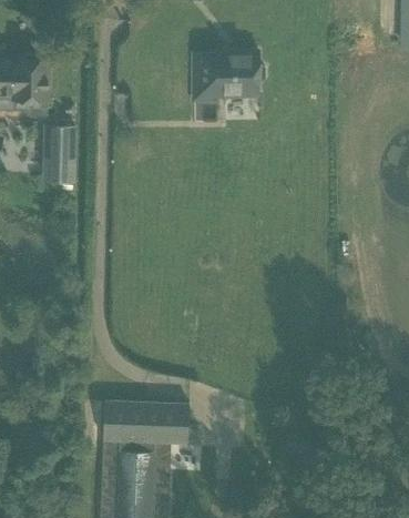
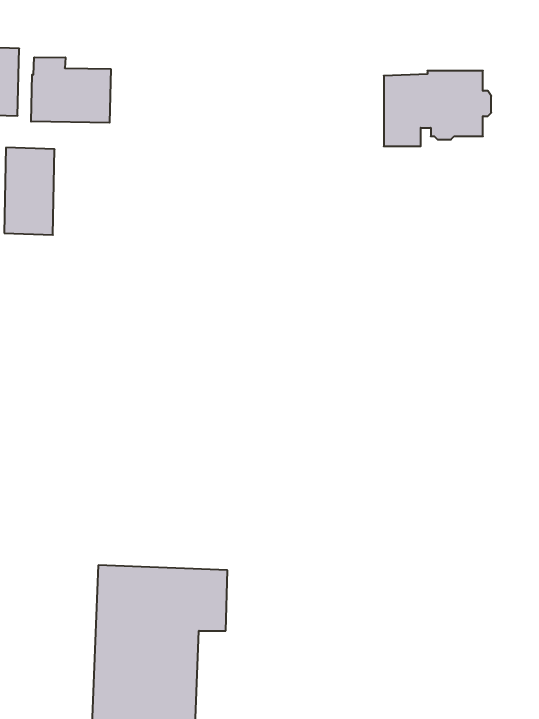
building: [193,53,264,103] -> [384,71,491,146]
building: none -> [31,57,111,123]

